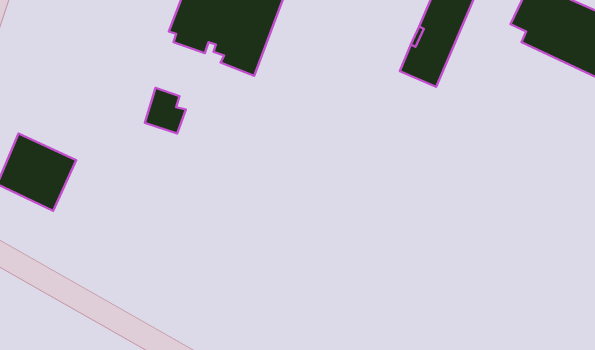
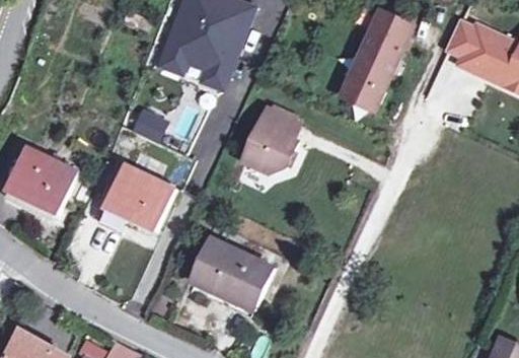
building: none -> [246,108,302,170]
building: none -> [105,164,172,227]
building: none -> [194,240,274,309]

